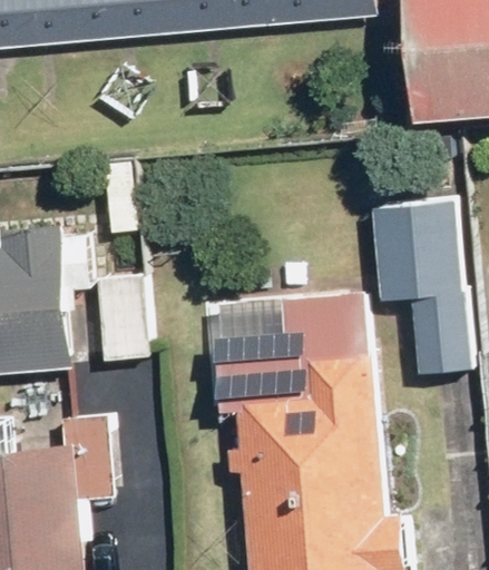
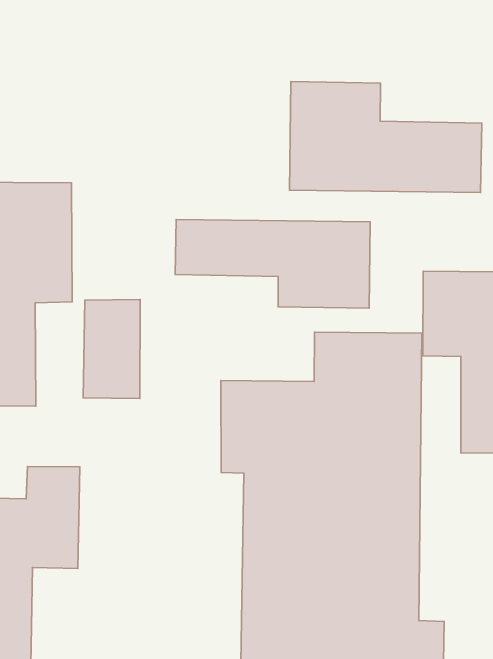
building: none -> [290,82,482,192]
building: none -> [175,220,370,308]

